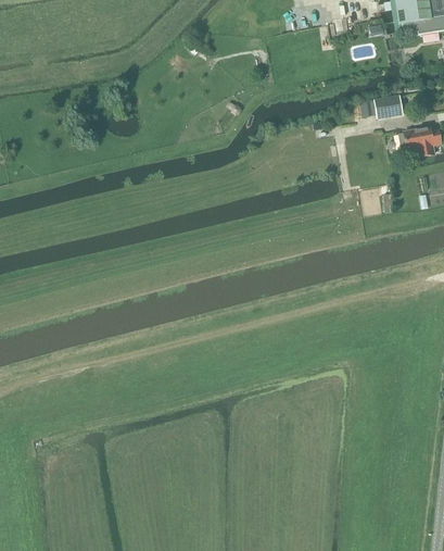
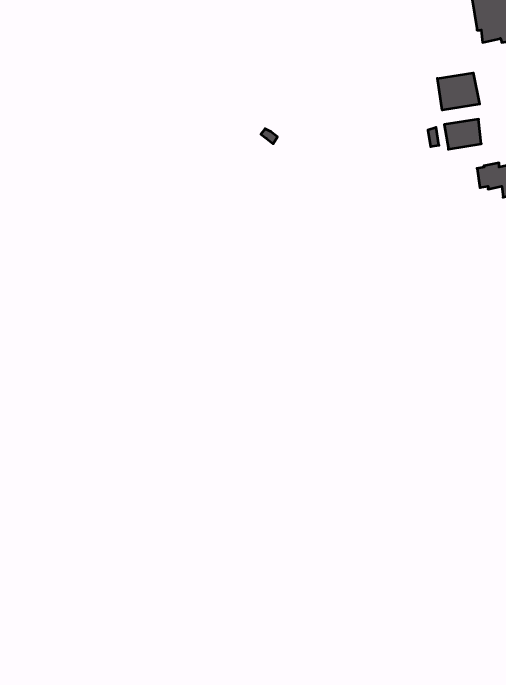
building: none -> [437,73,480,110]

